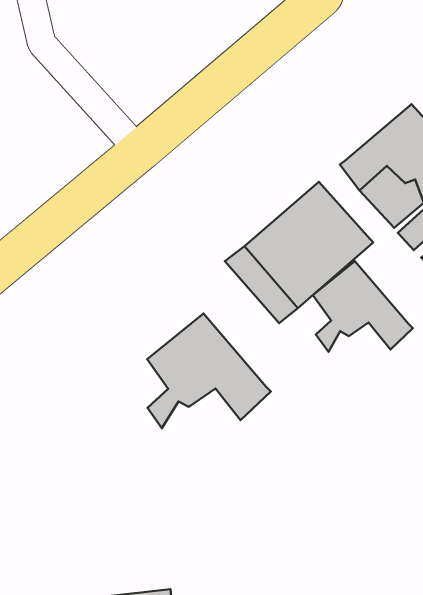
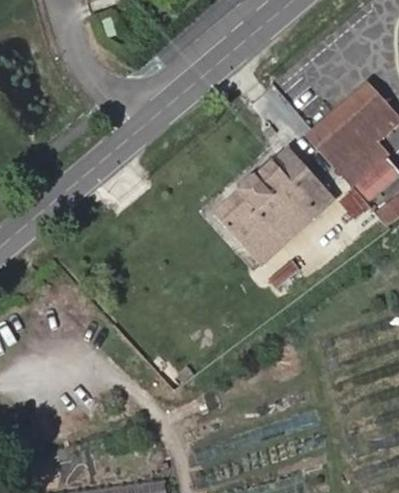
building: [313,261,413,352] -> none
building: [147,313,271,428] -> none

